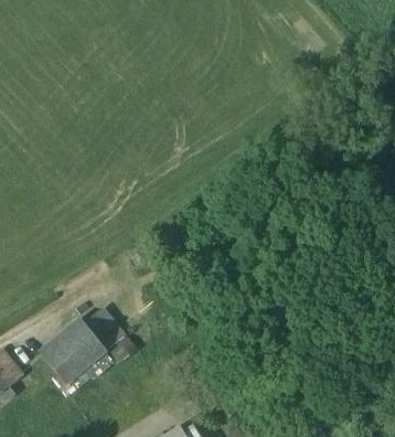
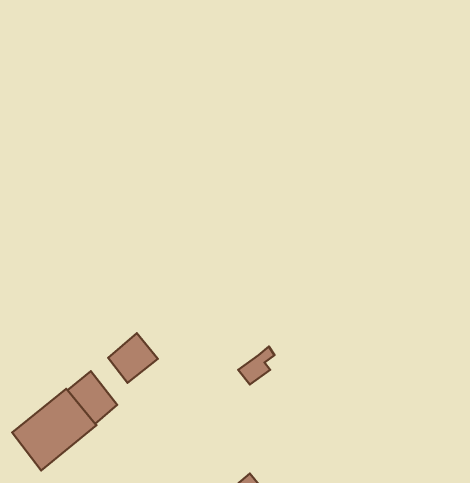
building: none -> [108,333,158,383]

